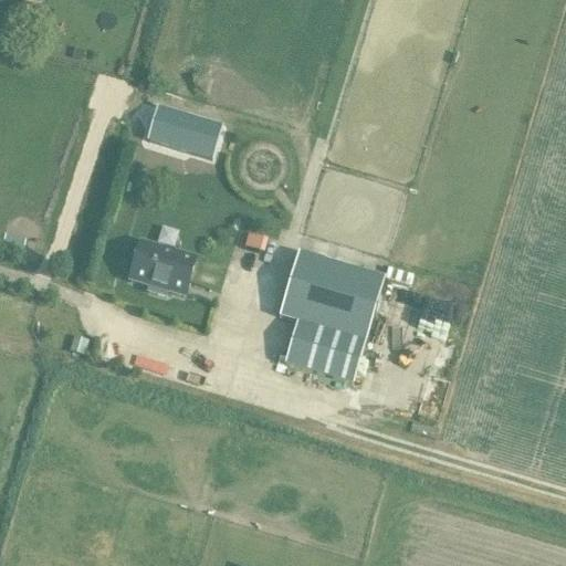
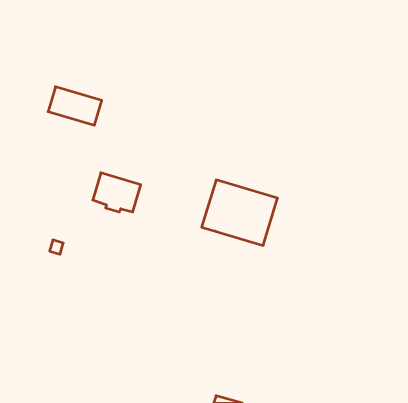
building: [157,108,231,161] -> [48,87,102,125]
building: [284,319,364,381] -> none

